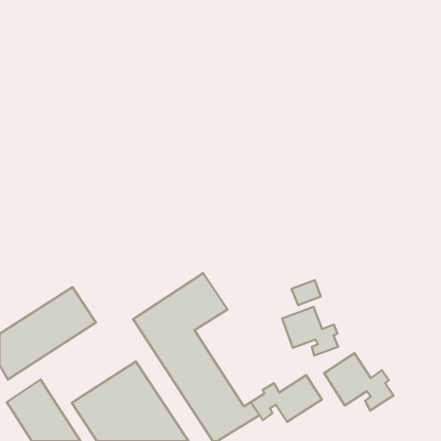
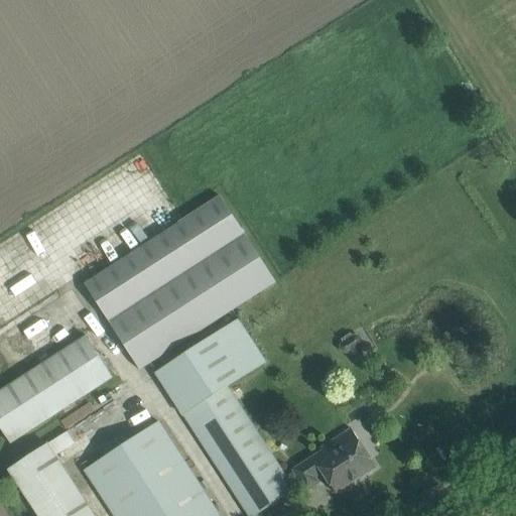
building: none -> [84,195,275,369]
building: [282,307,338,356] -> none
building: [324,353,394,411] -> none

